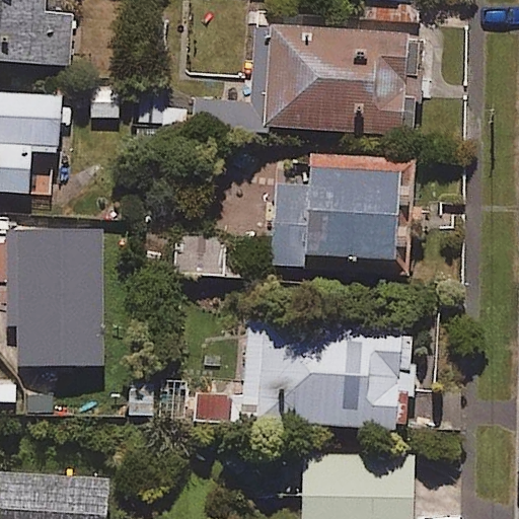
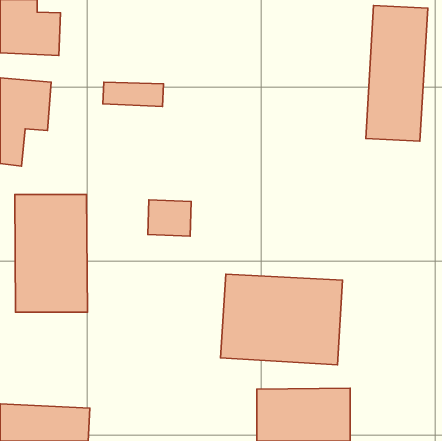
building: none -> [366,5,428,141]
building: [250,22,419,136] -> none
building: [272,160,402,267] -> none

